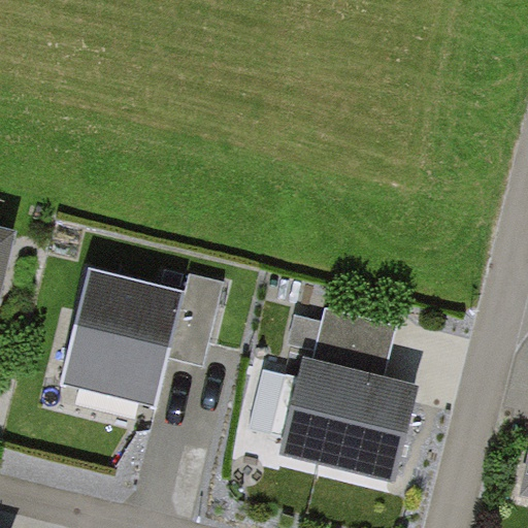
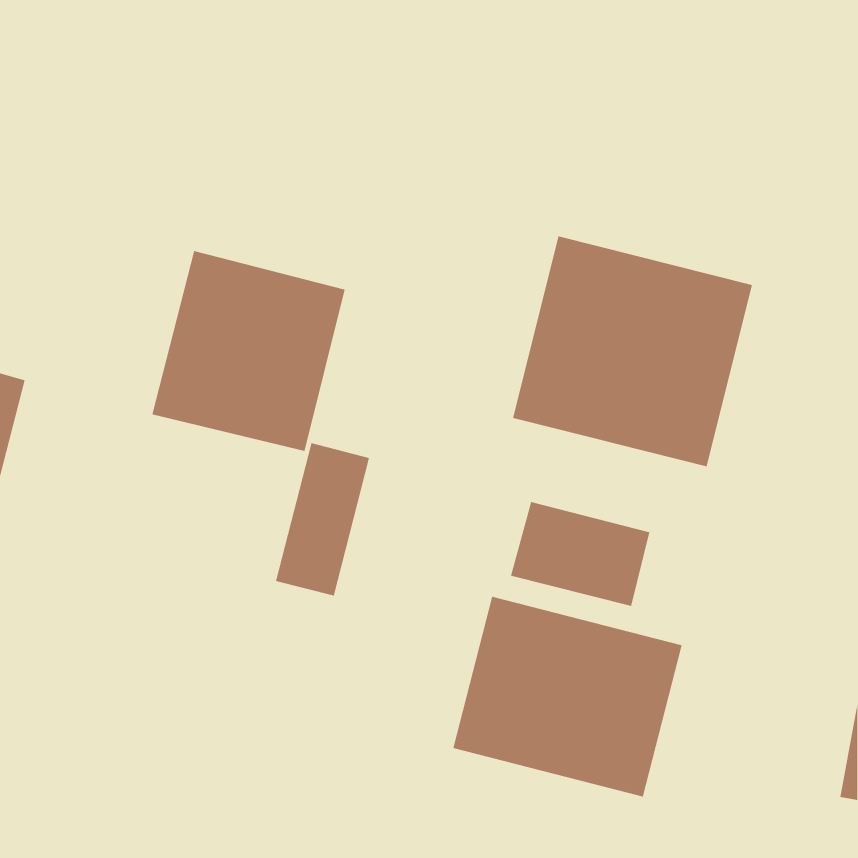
building: none -> [513,236,752,467]
building: [63,268,182,391] -> [151,251,346,452]

